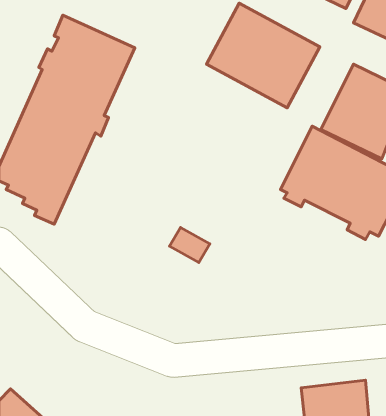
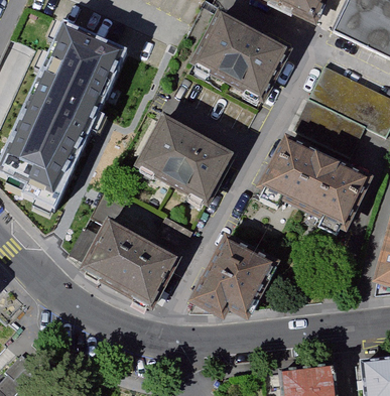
building: none -> [135,111,241,209]
building: none -> [79,222,181,312]
building: none -> [190,232,278,316]

